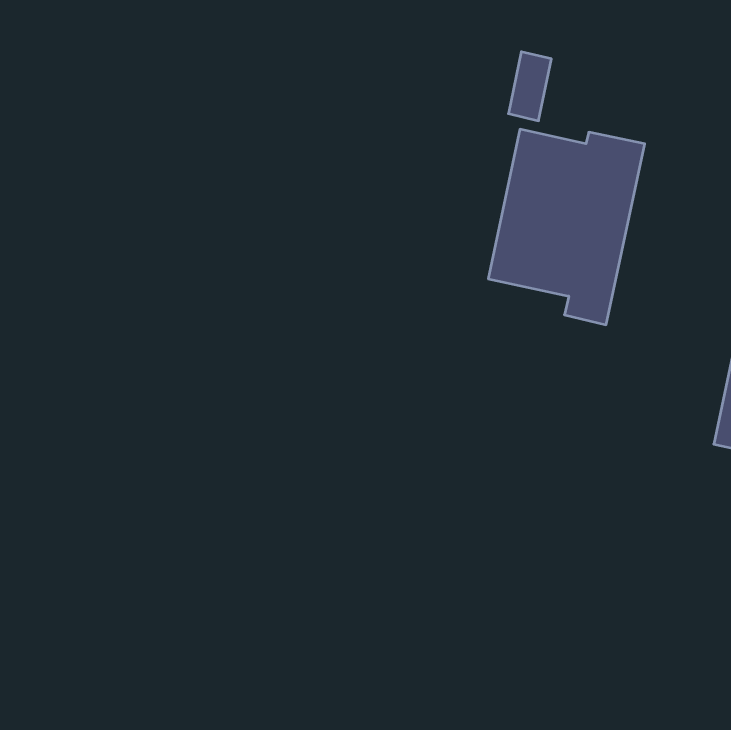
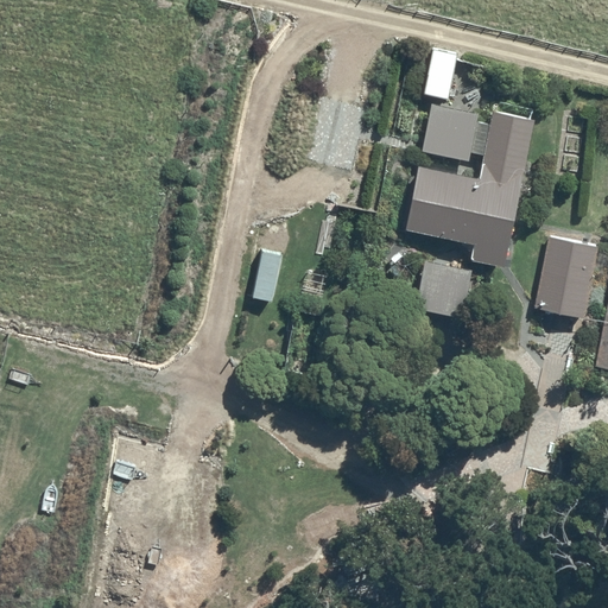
building: none -> [532,234,597,318]
building: none -> [414,259,474,325]

